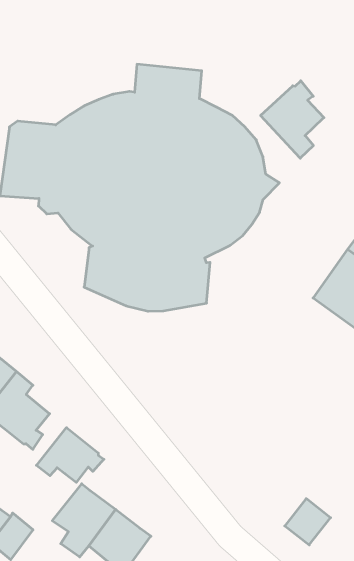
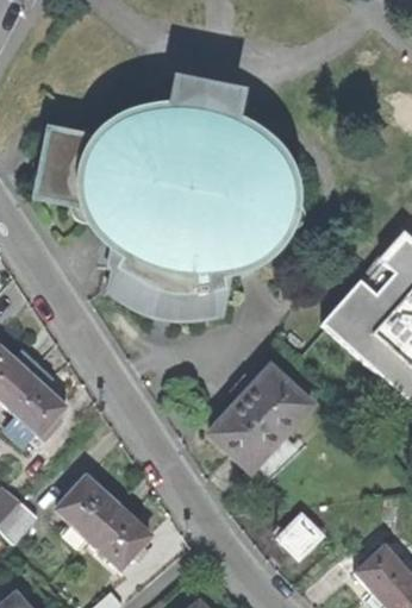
building: [261,81,324,158] -> none
building: none -> [207,365,310,478]
building: [36,428,104,482] -> none

